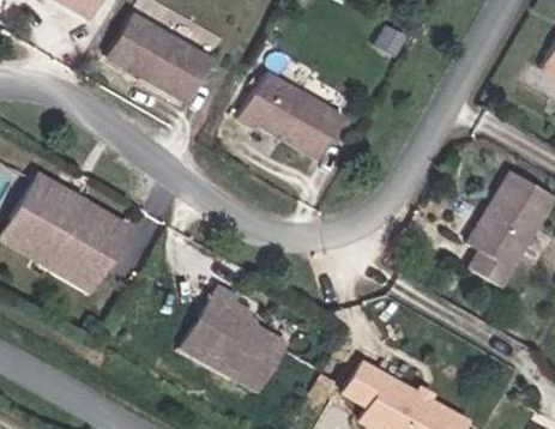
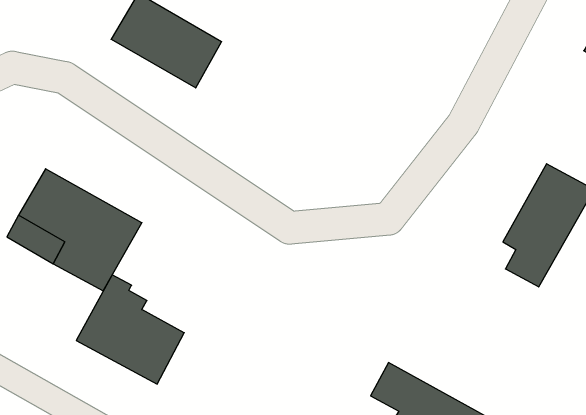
building: [240,72,345,159] -> none
building: [185,284,285,386] -> [76,275,184,384]

